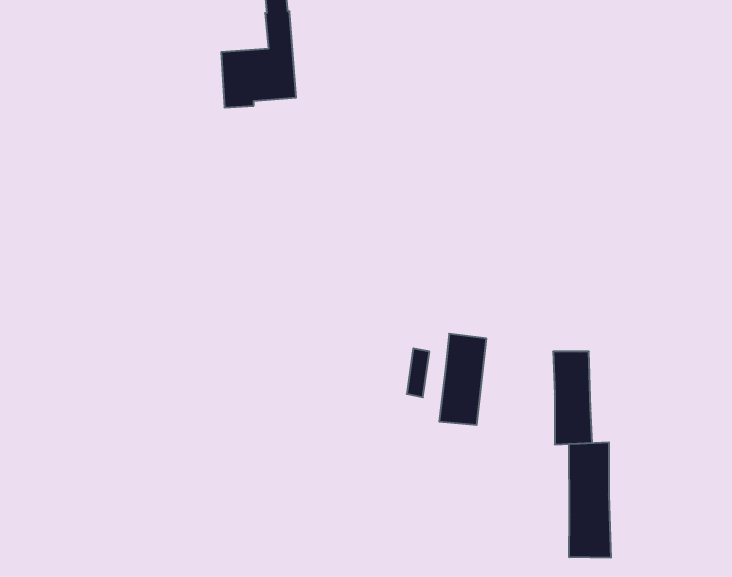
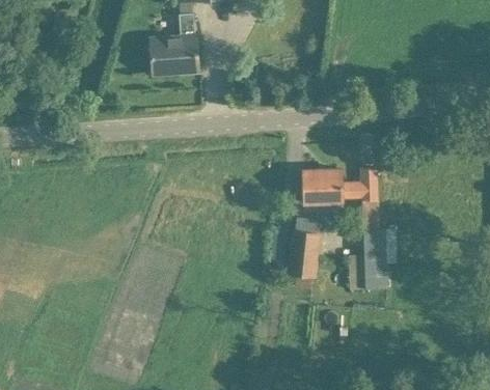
building: none -> [304,170,380,232]
building: [569,442,611,558] -> none

